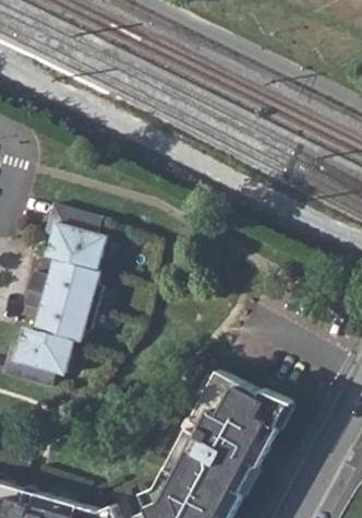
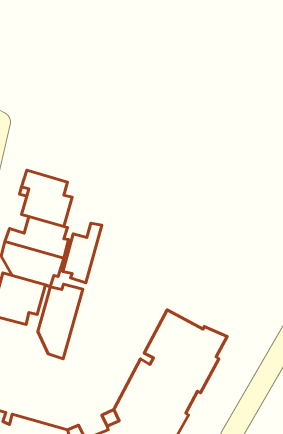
building: none -> [63,223,102,283]
building: none -> [38,284,83,359]

